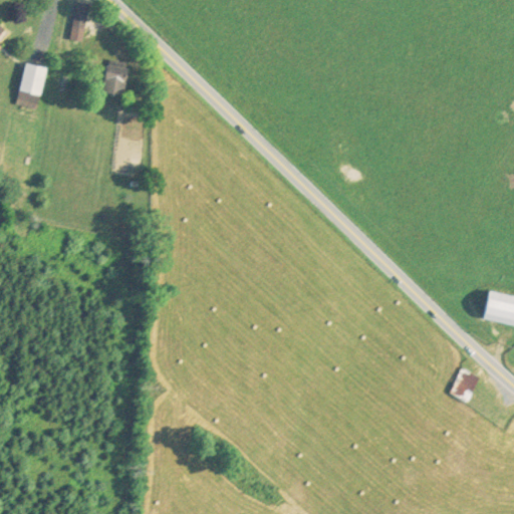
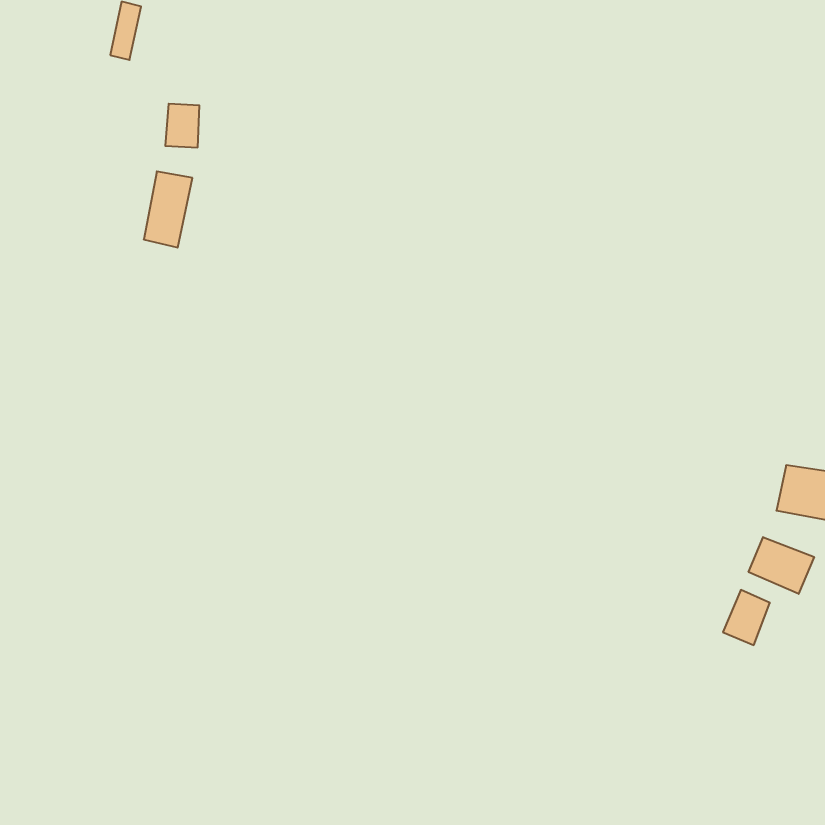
building: [16,62,46,109] -> [144,171,192,248]
building: none -> [749,537,814,594]

